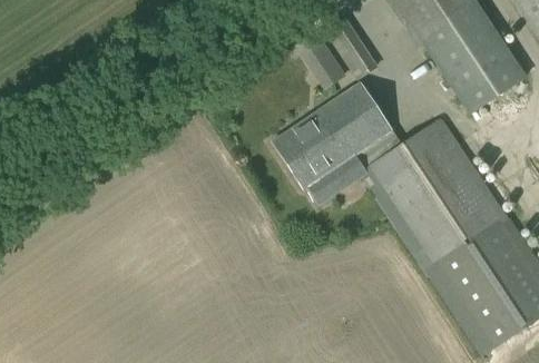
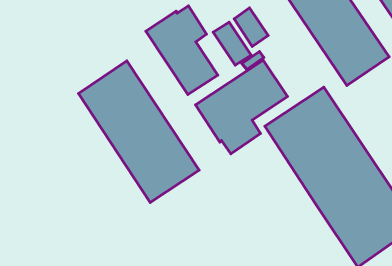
building: none -> [146,6,218,95]
building: none -> [78,61,199,202]

